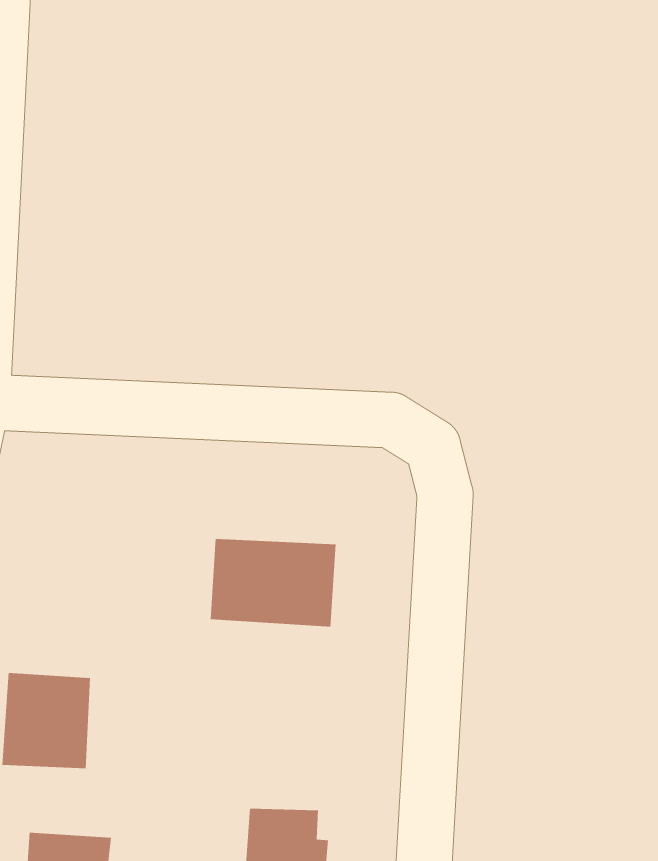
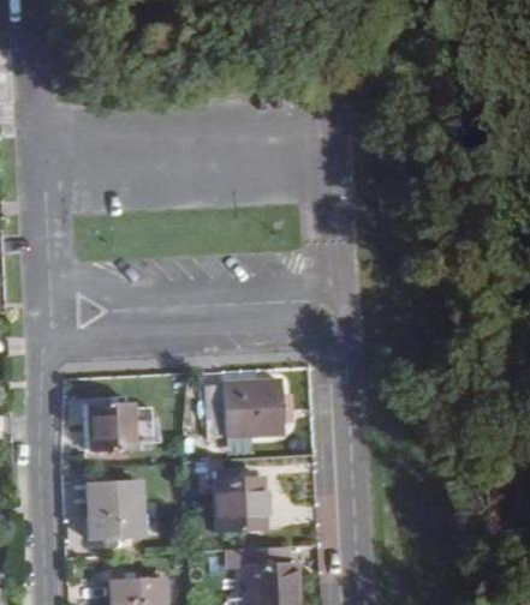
building: none -> [88,402,154,451]
building: none -> [214,477,264,532]

